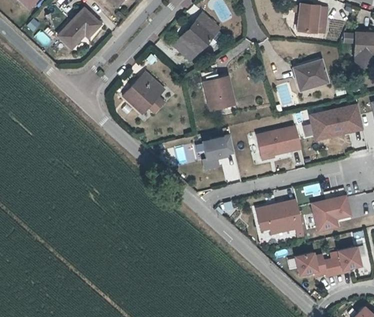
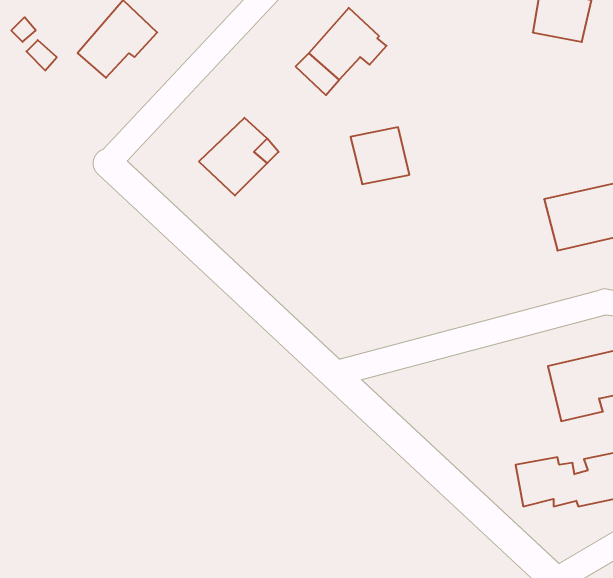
building: [297,59,331,89] -> none
building: [255,125,300,160] -> none
building: [200,133,234,169] -> none
building: [254,198,302,235] -> none

